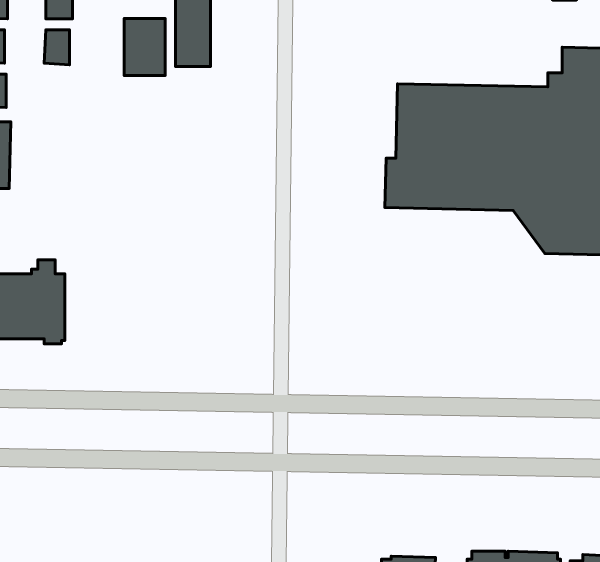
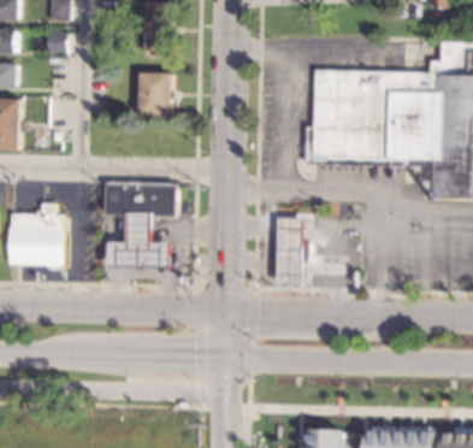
building: [124,19,165,76] -> [138,72,170,116]
building: none -> [104,183,175,269]
building: none -> [276,218,306,285]

